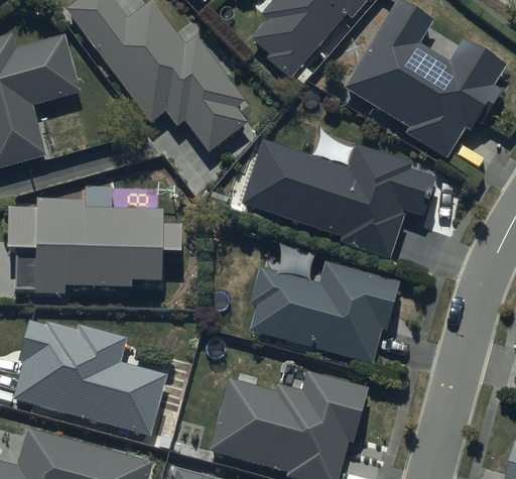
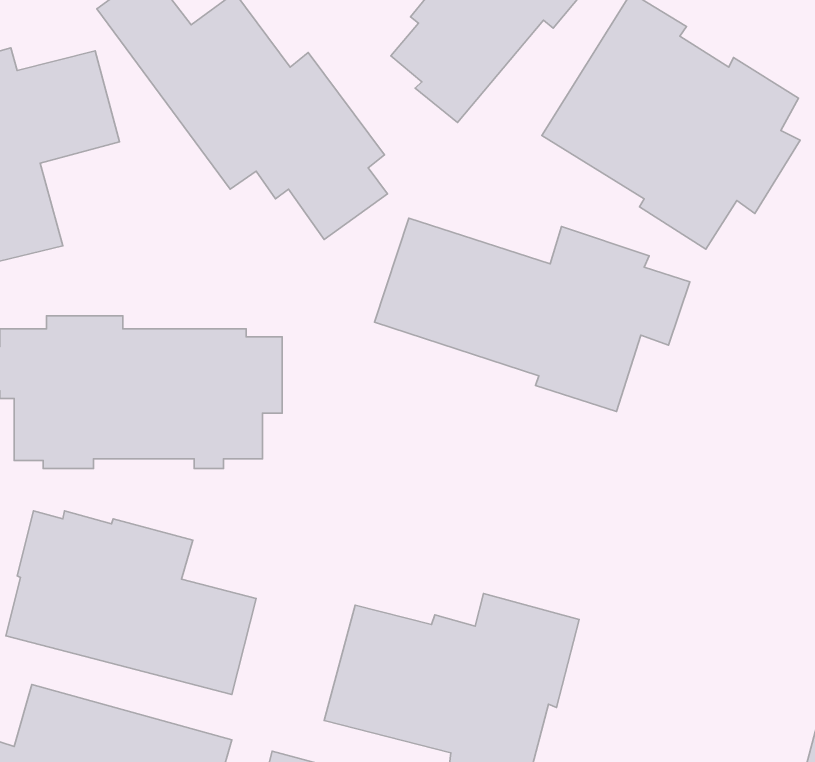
building: [249,260,398,363] -> none

